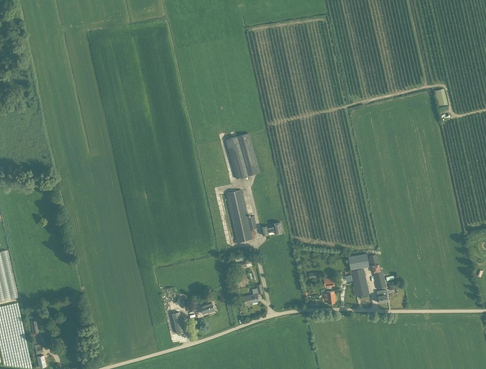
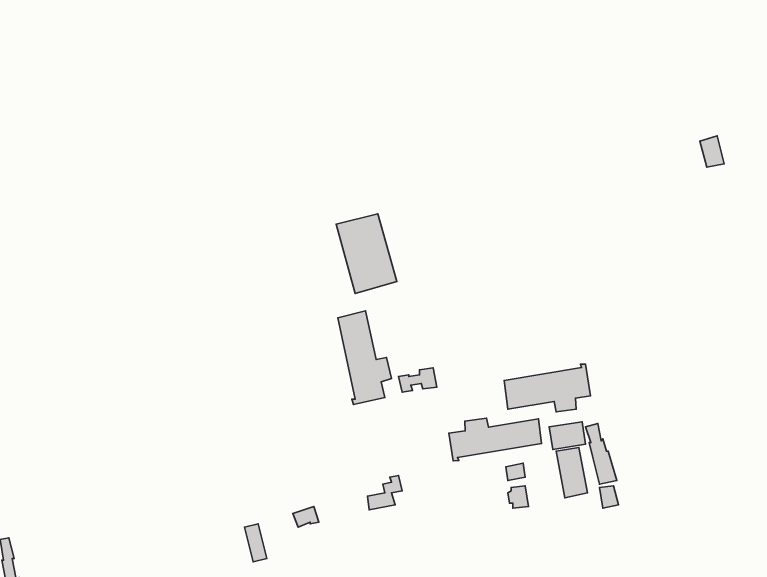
building: none -> [504,364,591,412]
building: none -> [449,418,542,461]

